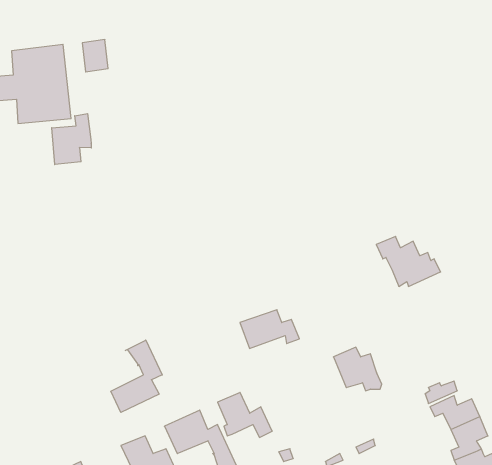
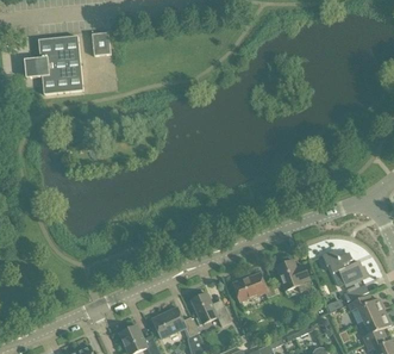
building: [52,114,91,165] -> none
building: [376,236,441,286] -> [321,248,369,285]
building: [240,310,299,348] -> [232,272,276,300]
building: [111,340,162,412] -> none

